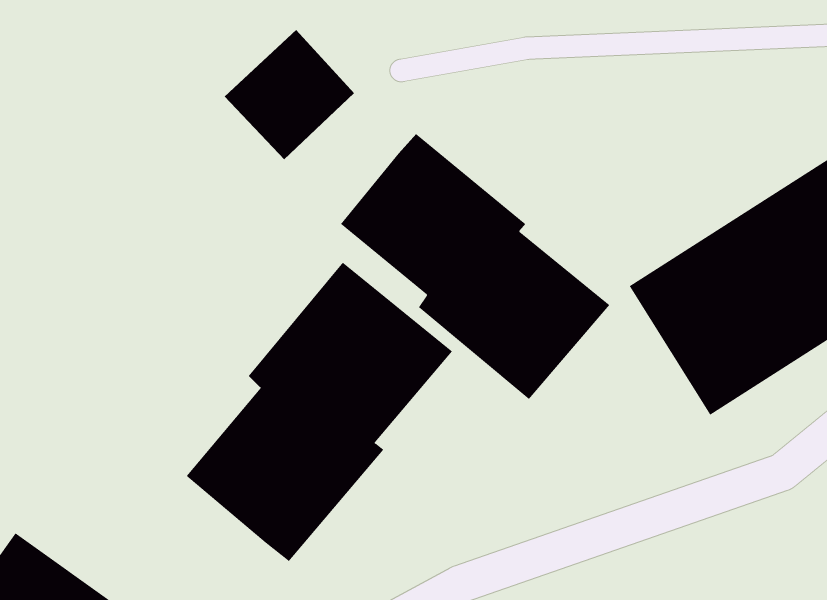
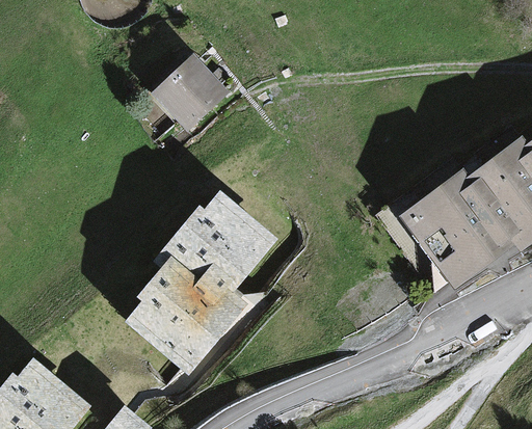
building: [340,133,610,400] -> none

